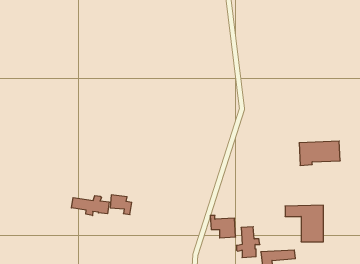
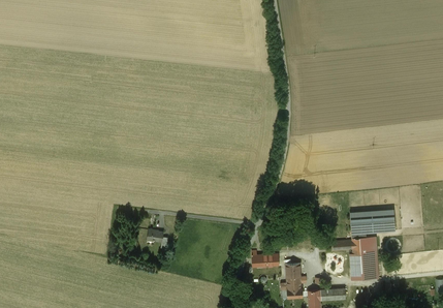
building: [299,141,340,165] -> [350,208,395,235]
building: [71,196,109,216] -> none

